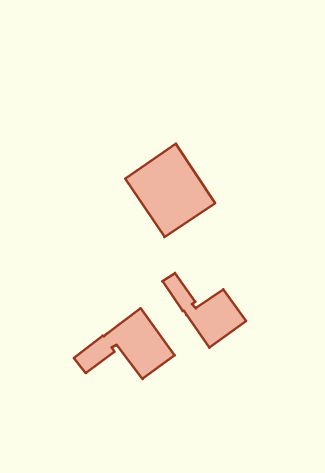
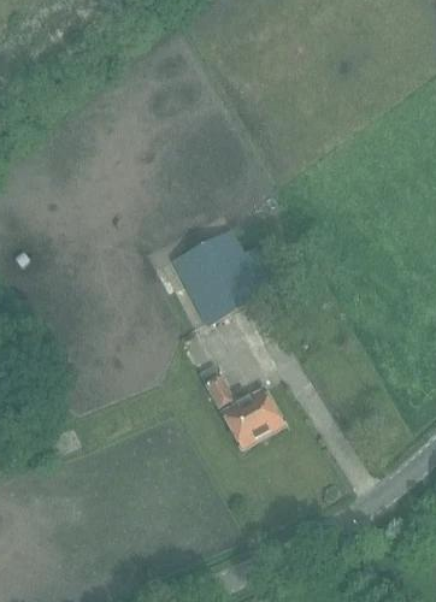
building: [74,308,175,379] -> none

